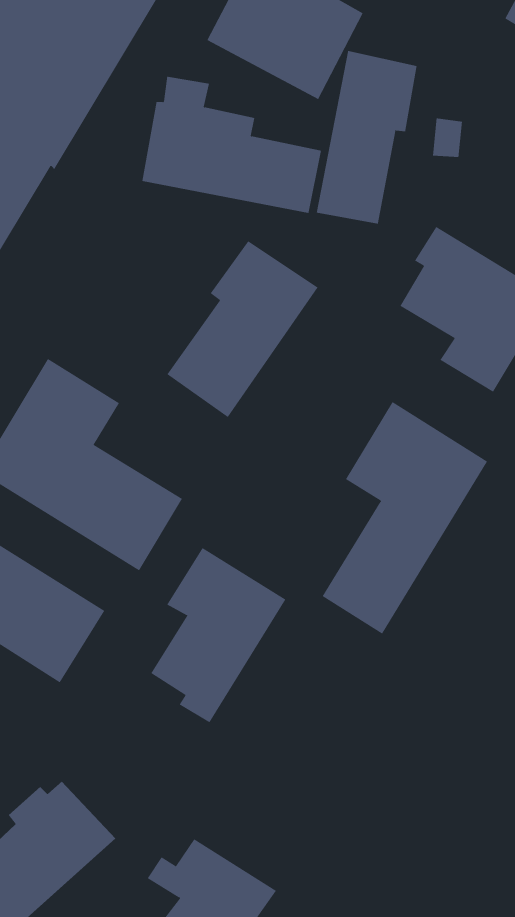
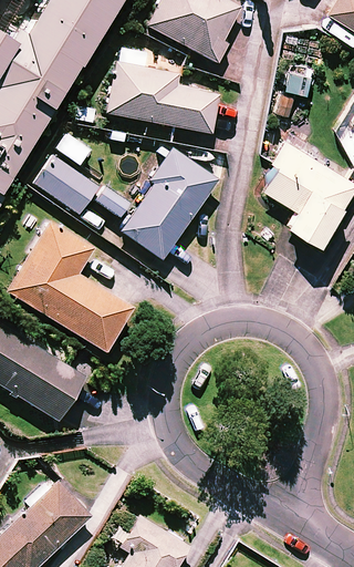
building: [316,50,417,225] -> none
building: none -> [33,151,129,218]
building: [322,401,488,635] -> none
building: [150,547,286,723] -> none

